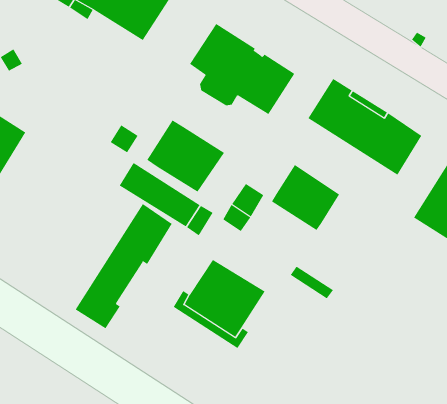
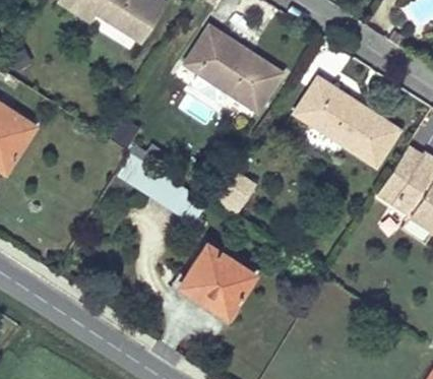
building: [147,119,225,193] -> none
building: [271,164,340,231] -> none
building: [75,203,173,329] -> none

